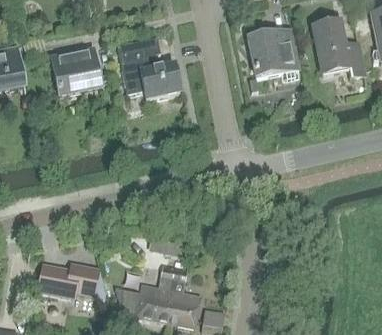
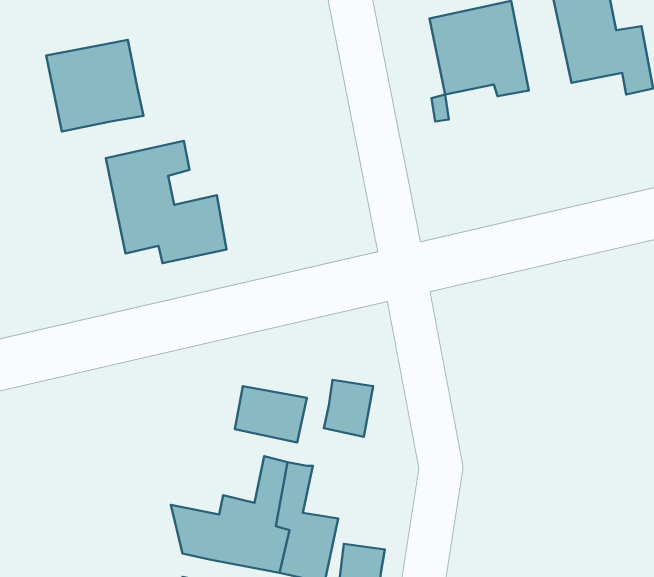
building: [117,36,179,99] -> [106,141,227,263]
building: none -> [324,380,373,437]
building: [37,265,106,298] -> none

